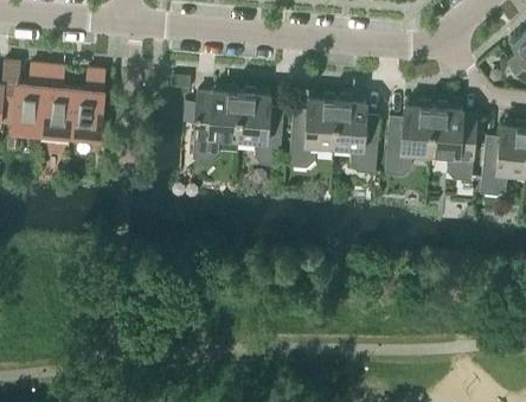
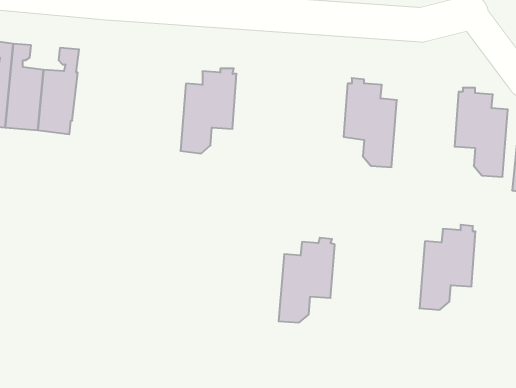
building: [237,89,283,166] -> none
building: [288,95,336,168] -> [279,238,335,323]
building: [384,102,432,176] -> [419,225,476,310]

